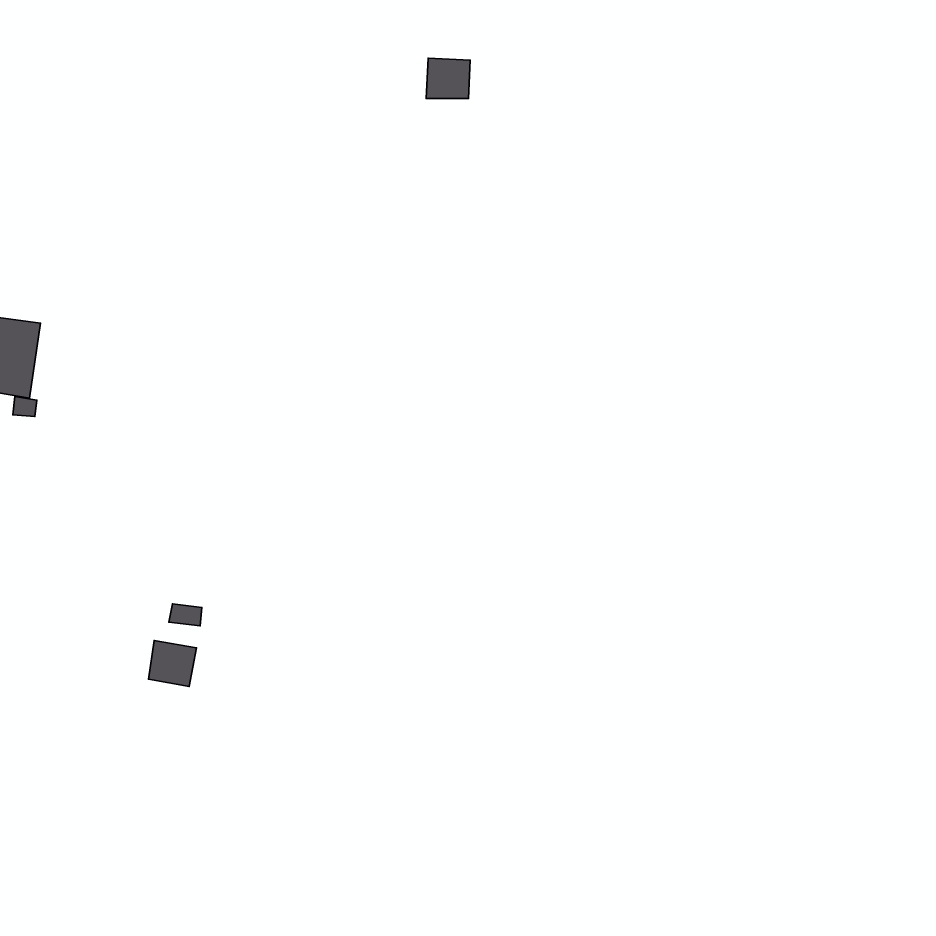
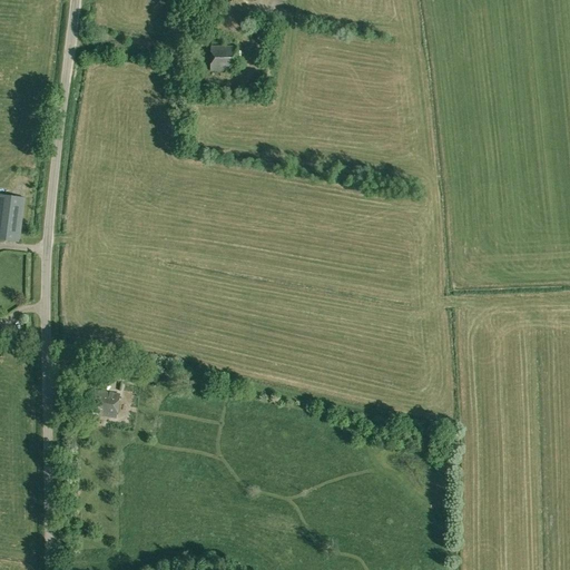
building: [426,58,470,99] -> [209,45,236,69]

